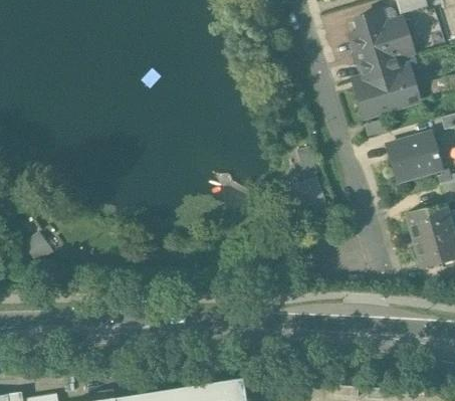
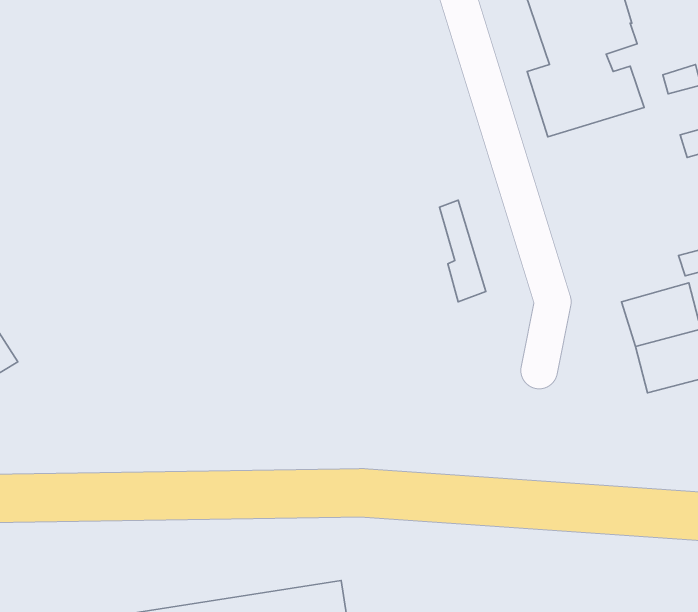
building: [386,134,441,182] -> none

